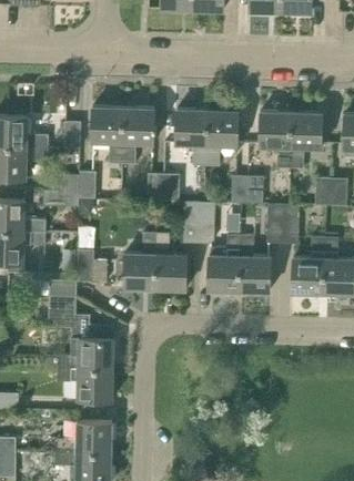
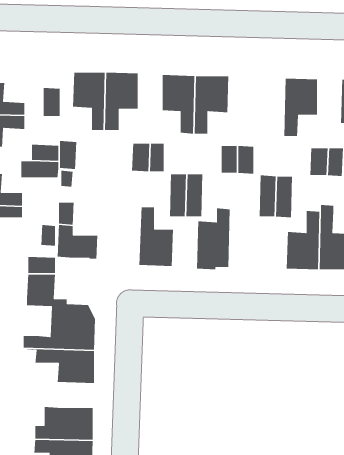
building: [259,112,291,168] -> none
building: [123,234,155,289] -> none
building: [239,236,271,291] -> none

